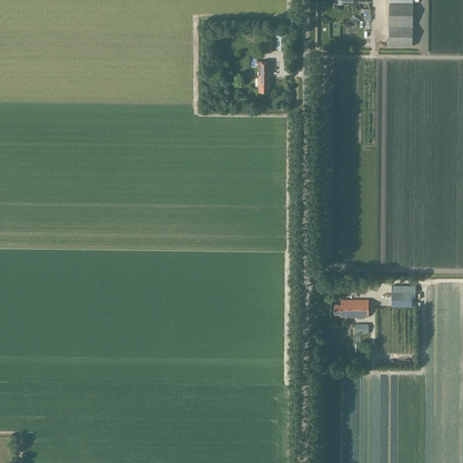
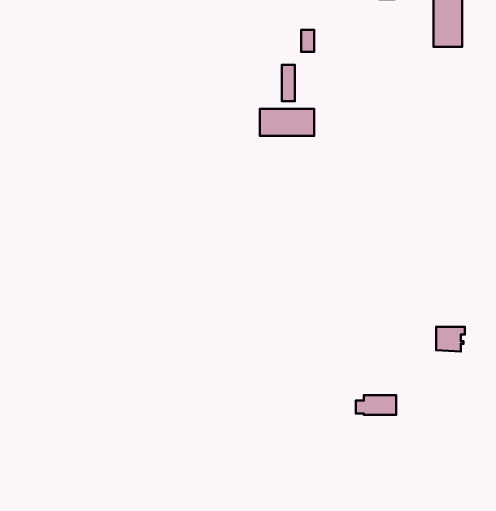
building: none -> [260,109,314,136]
building: [333,301,368,318] -> [356,395,396,415]

